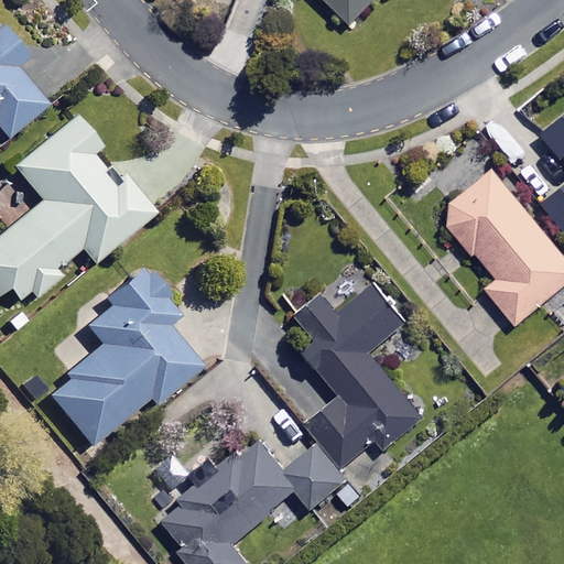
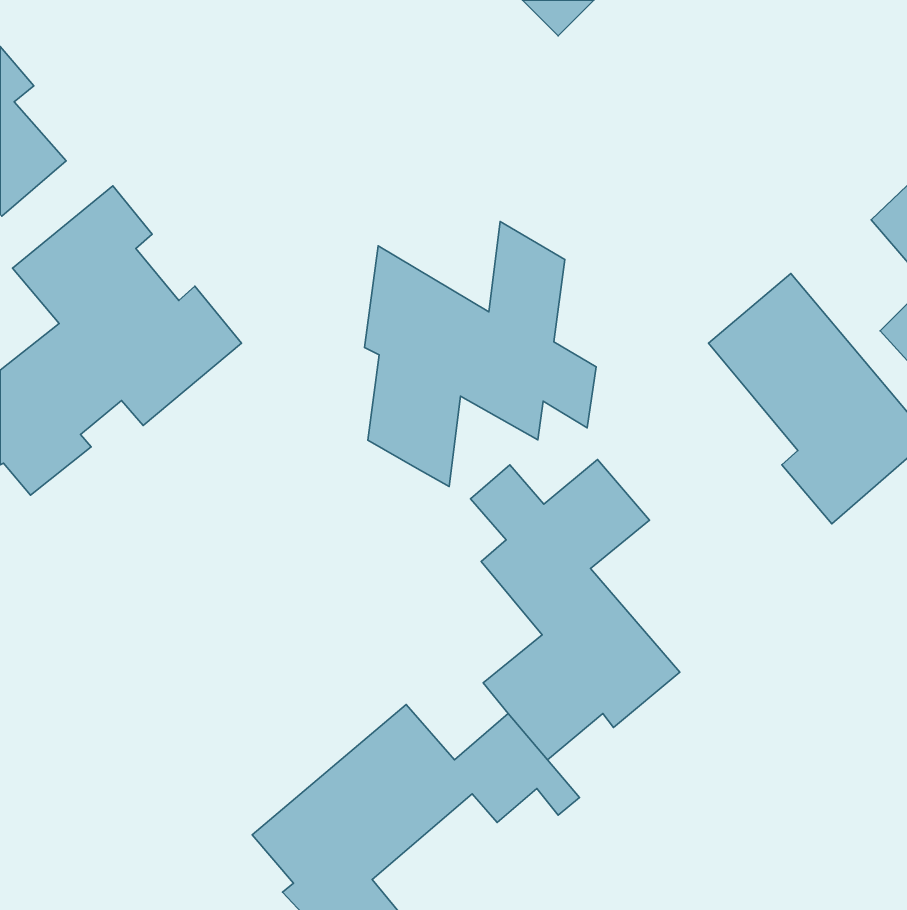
building: none -> [365,221,596,487]
building: [45,264,200,446] -> none

